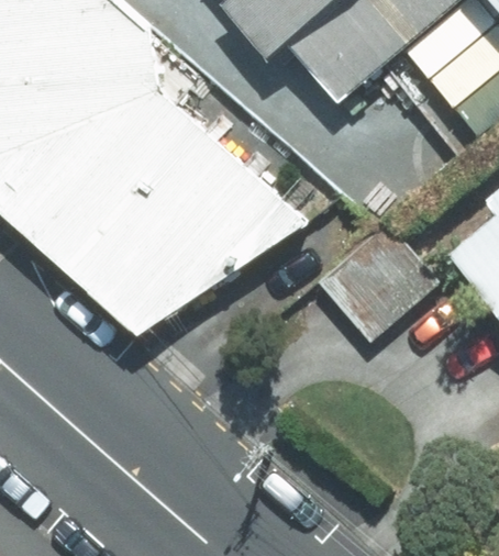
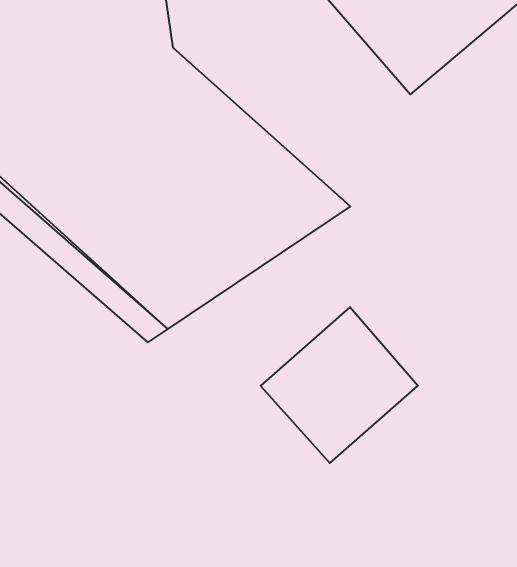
building: [310,225,440,354] -> [261,307,418,463]

